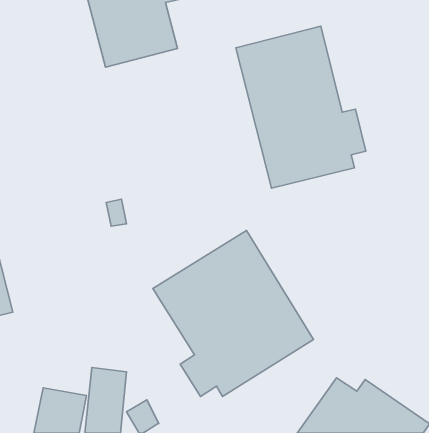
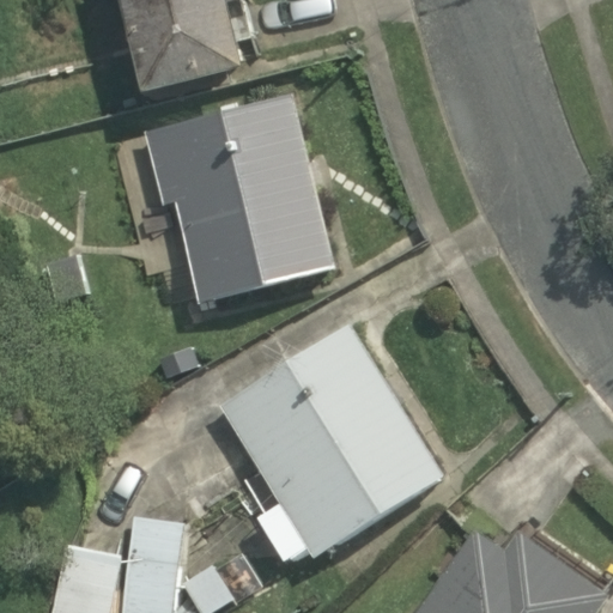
building: [236,26,366,188] -> none
building: none -> [141,95,336,303]

